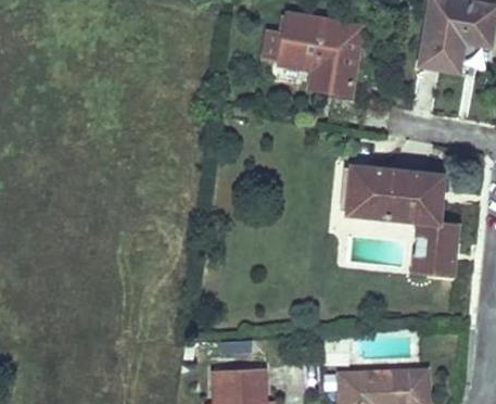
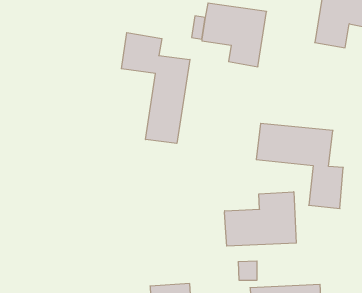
building: none -> [121,33,190,143]
building: none -> [225,192,296,246]

